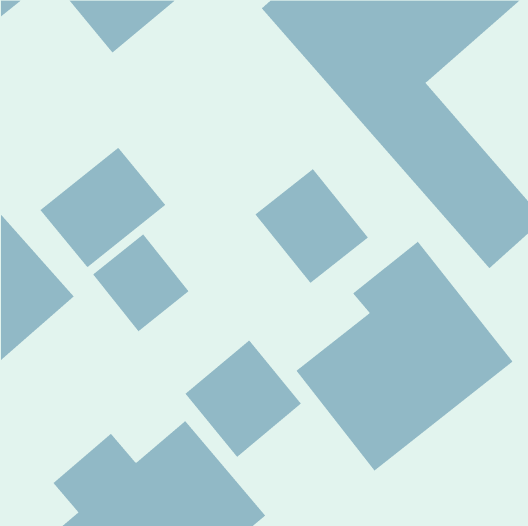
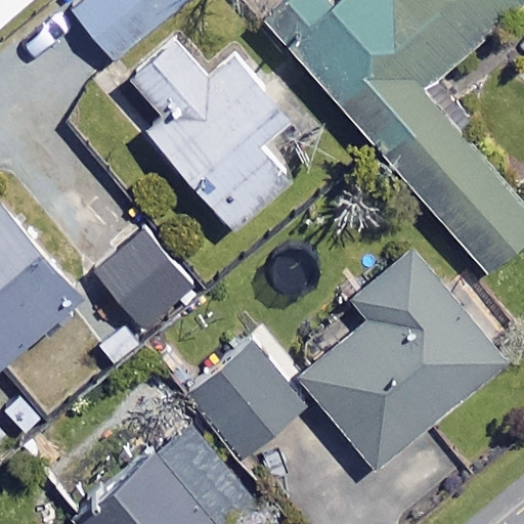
building: none -> [127,34,286,228]
building: [39,147,166,268] -> none
building: [255,168,369,284] -> none

